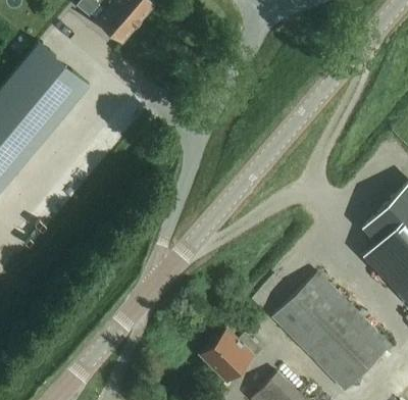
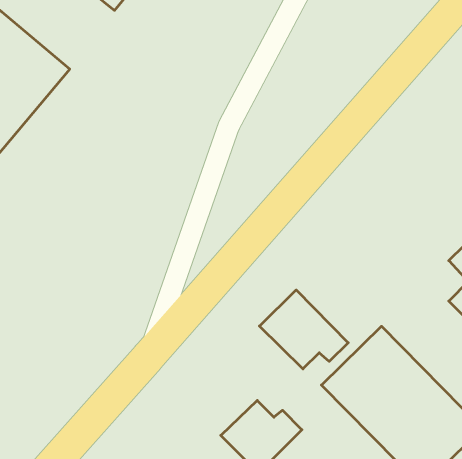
building: none -> [259,290,348,369]

